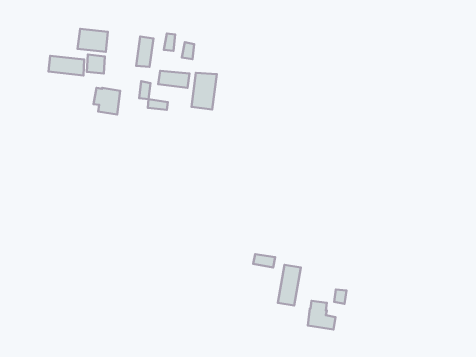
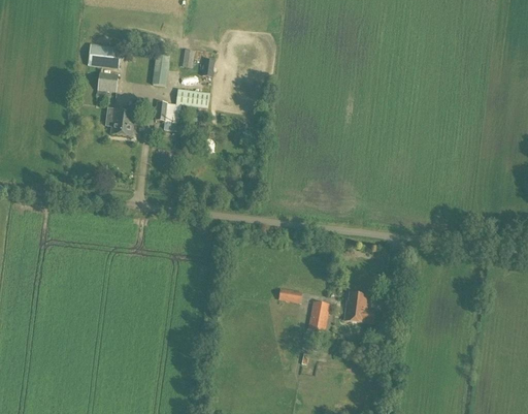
building: [48,56,84,75] -> none
building: [192,73,217,109] -> none
building: [308,301,335,329] -> [345,292,375,323]

